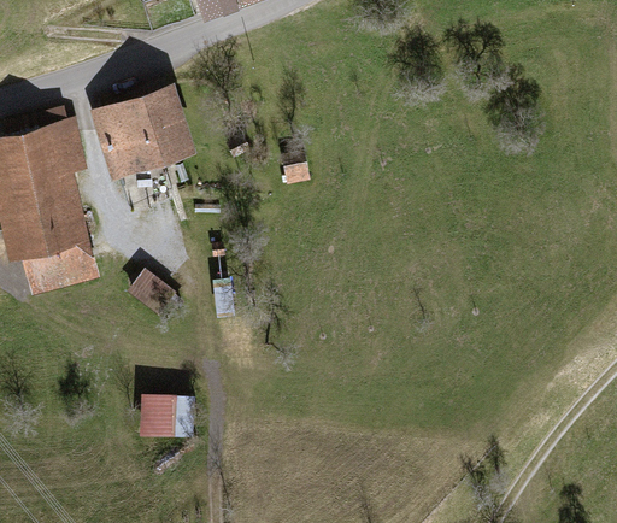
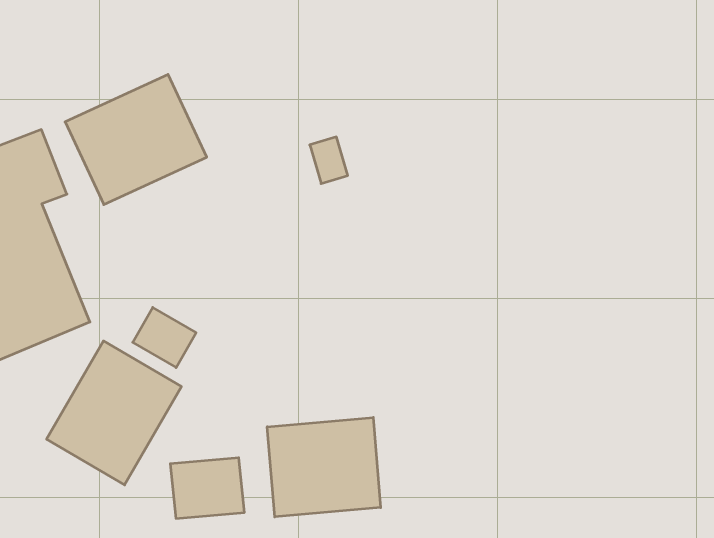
building: none -> [47,341,181,485]
building: none -> [267,417,381,517]

